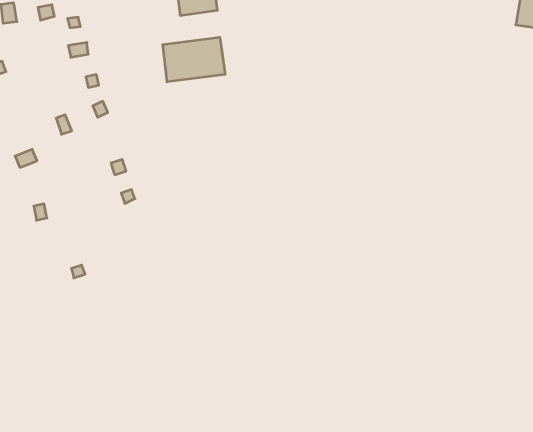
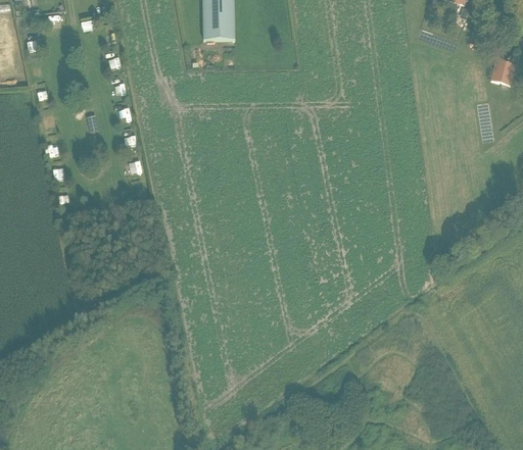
building: [163,37,225,82] -> none

